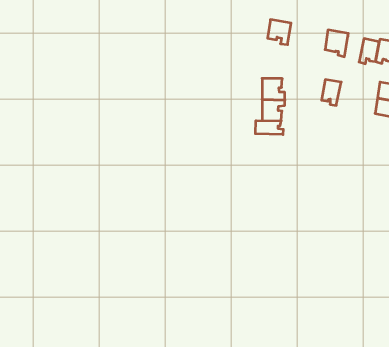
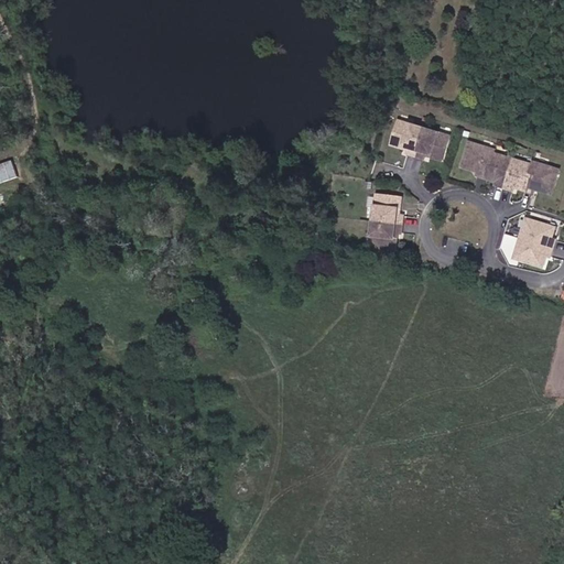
building: none -> [414,127,448,158]
building: [322,80,341,105] -> [484,152,511,186]
building: [255,121,283,135] -> none

